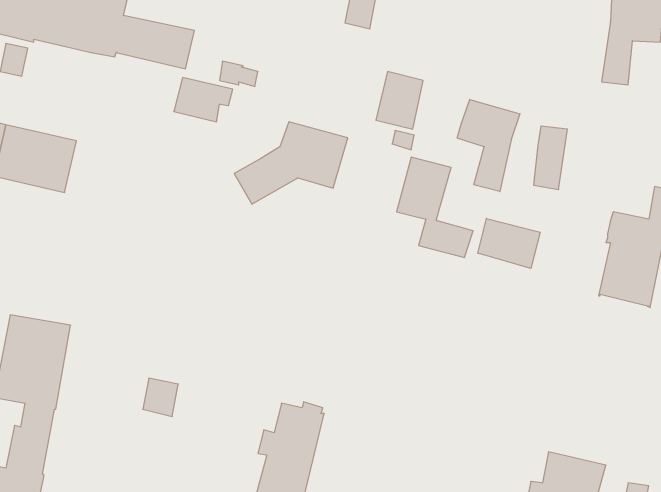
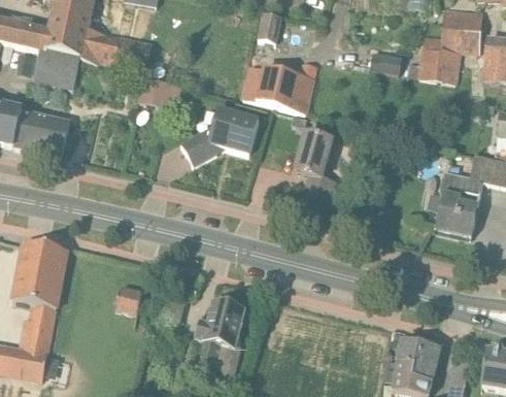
building: none -> [35,48,80,87]
building: none -> [370,49,402,72]
building: none -> [243,66,288,105]
building: [457,99,520,192] -> none
building: [534,126,567,190] -> [419,34,443,78]
building: [478,218,540,268] -> none

